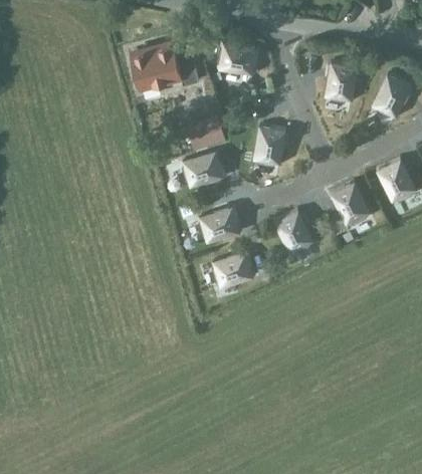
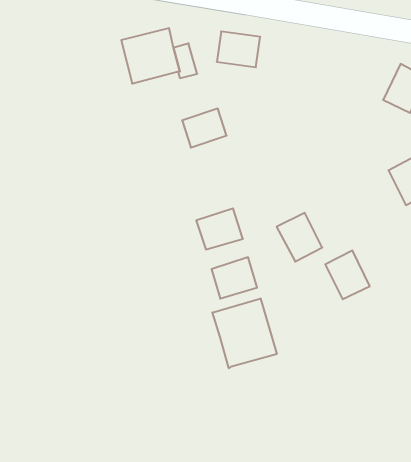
building: [326,61,361,102] -> none
building: [254,126,288,166] -> none
building: [184,151,226,189] -> none
building: [332,181,373,226] -> [325,250,370,299]
building: none -> [212,298,277,368]

